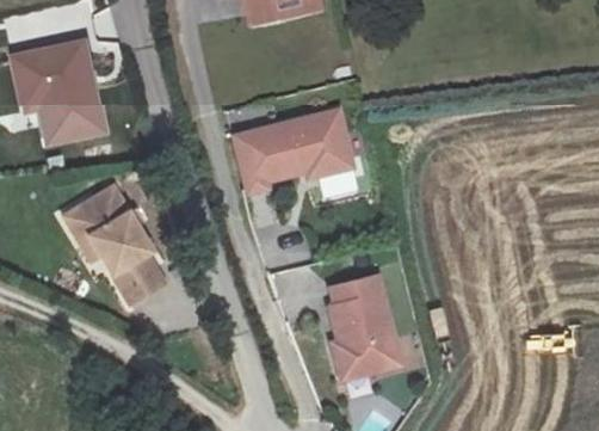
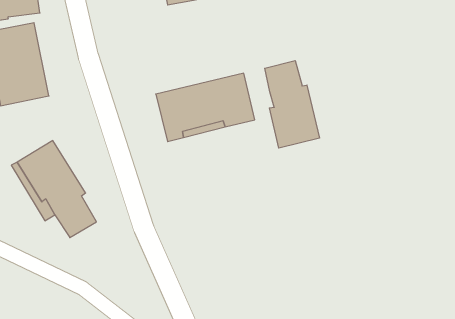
building: none -> [265,61,319,148]
building: [331,275,402,378] -> none

